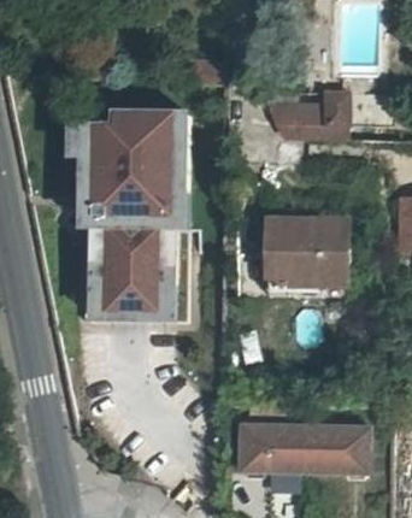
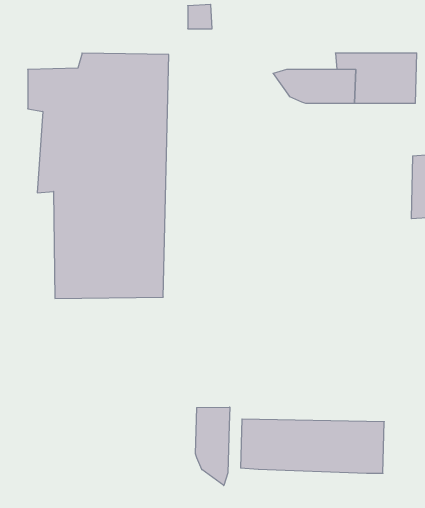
building: [259,211,349,290] -> none
building: none -> [196,407,230,486]

